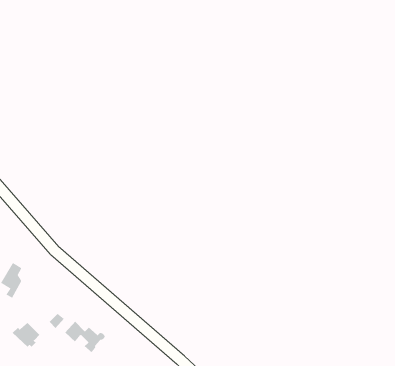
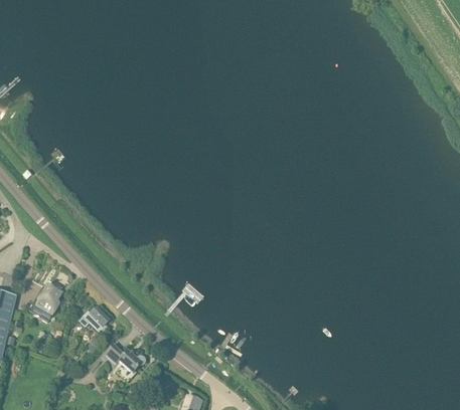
building: [12,322,40,348] -> [83,304,112,331]

